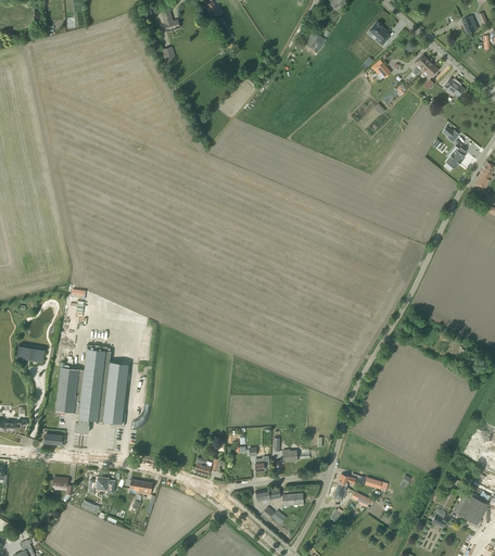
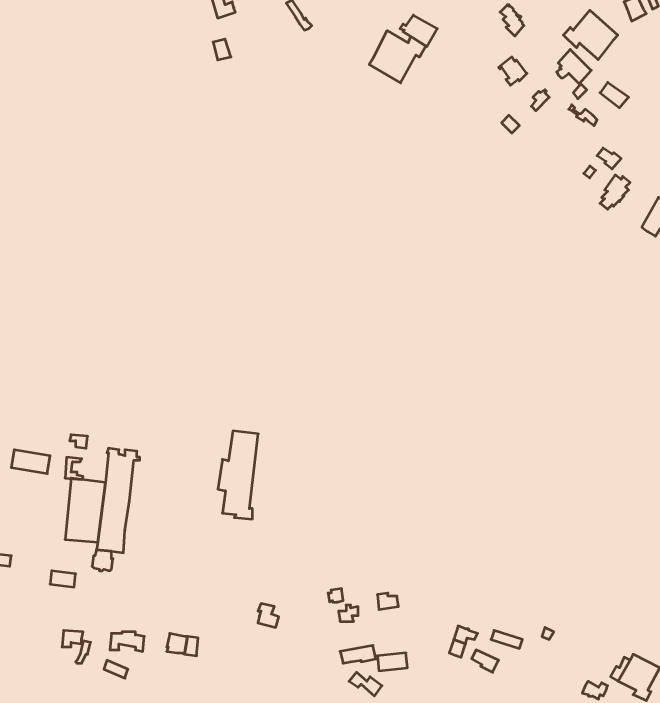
building: none -> [563,10,618,60]
building: none -> [369,31,426,83]
building: [99,362,128,426] -> [218,431,258,519]

